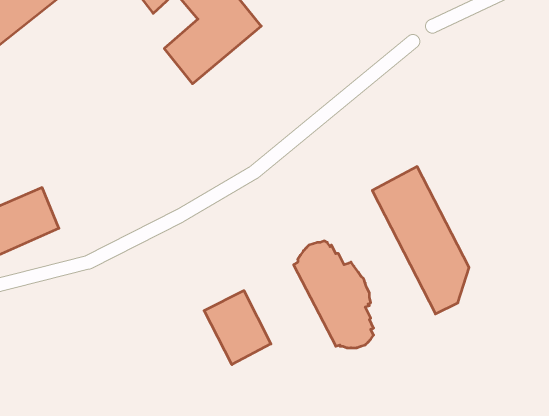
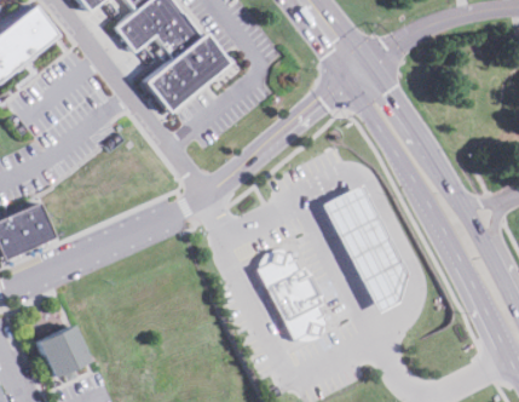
building: [204,291,271,365] -> none
building: none -> [34,325,87,381]

